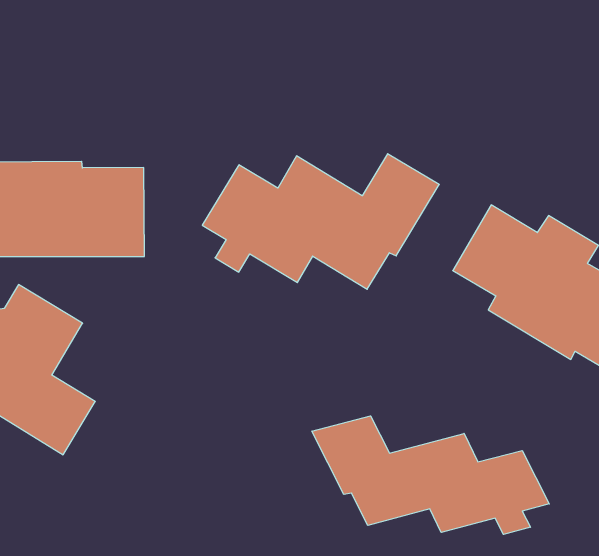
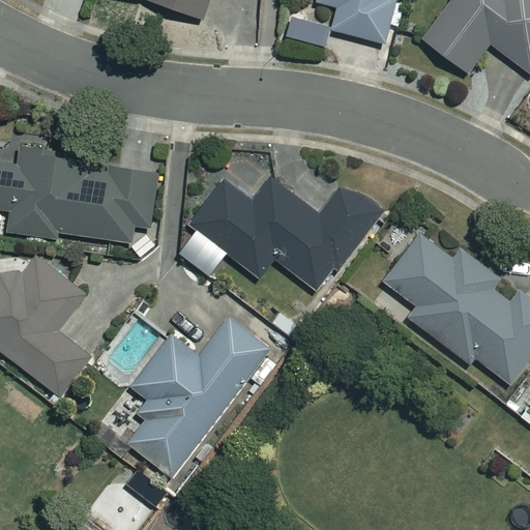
building: none -> [129,319,270,478]
building: [312,416,549,534] -> none

